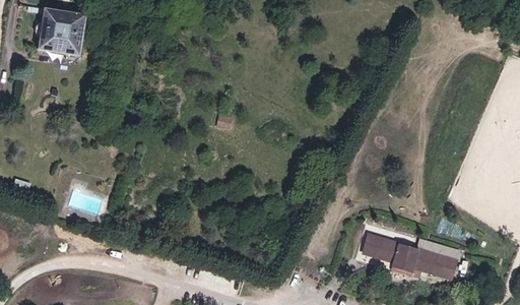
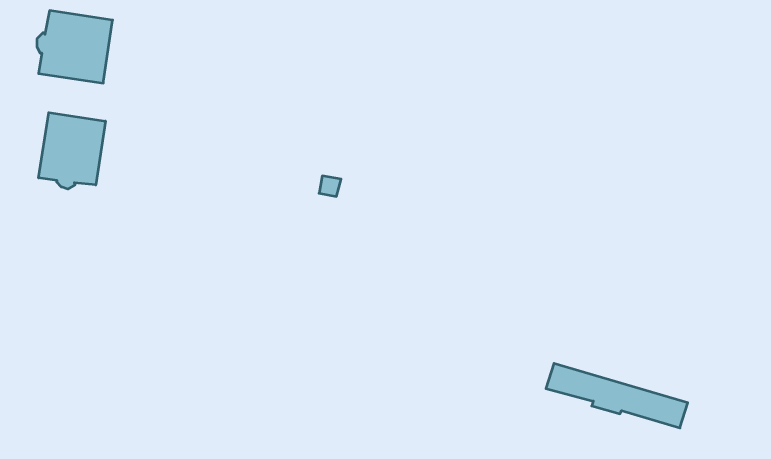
building: none -> [39,113,105,189]

